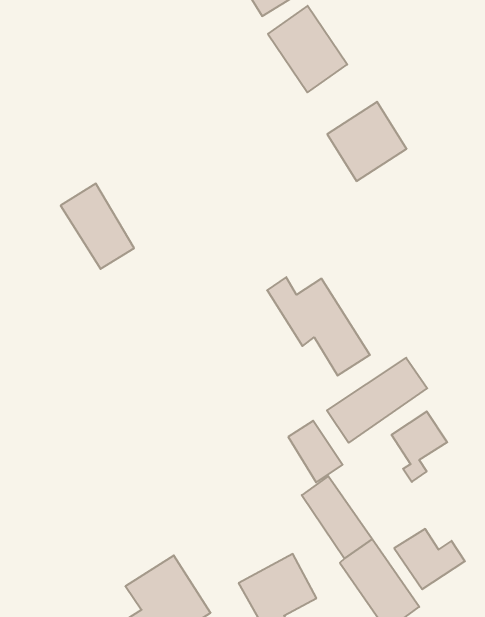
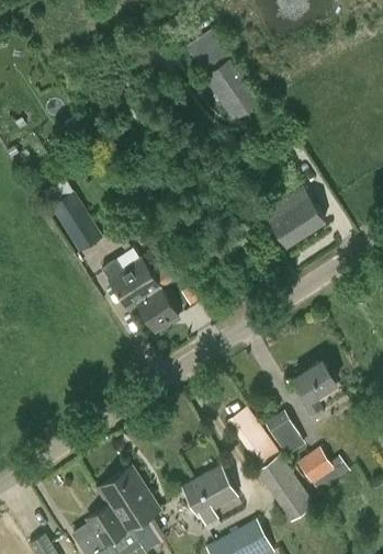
building: [327,102,407,181] -> [264,188,324,247]
building: [267,277,370,376] -> [102,259,179,332]
building: [327,358,427,443] -> none
building: [288,421,343,482] -> [266,412,306,459]

